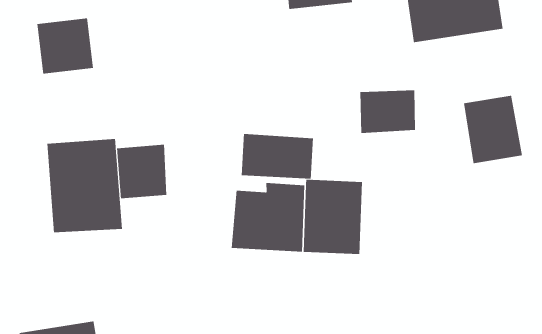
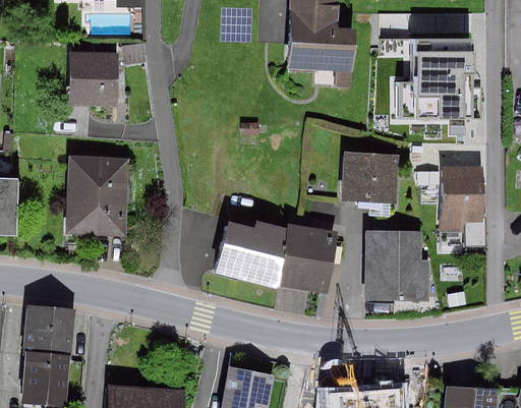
building: [241,133,313,179] -> none
building: [117,144,167,199] -> none
building: none -> [364,228,431,301]

